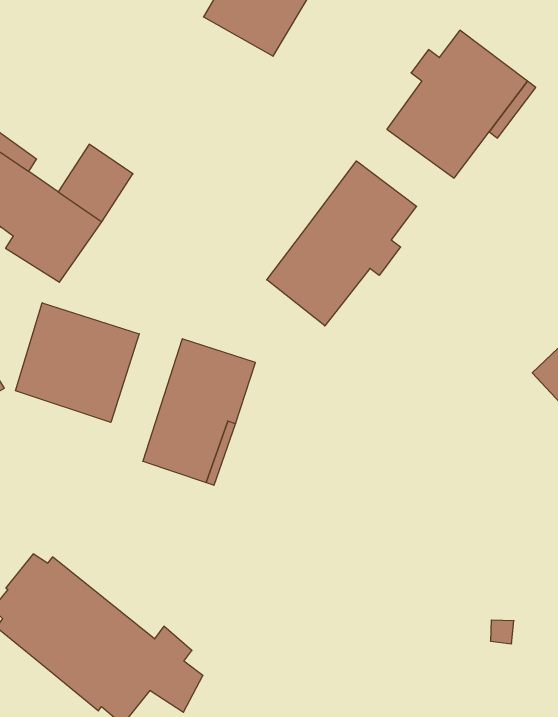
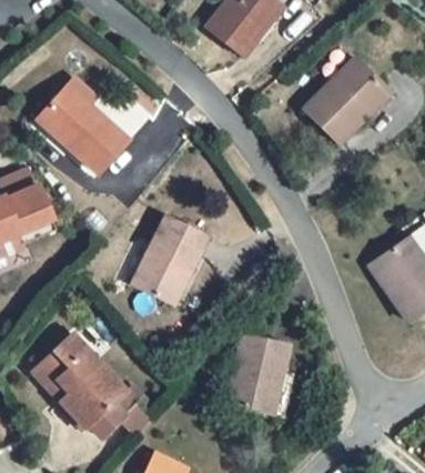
building: [267,161,417,326] -> none
building: [15,303,139,422] -> none
building: none -> [226,333,293,416]

